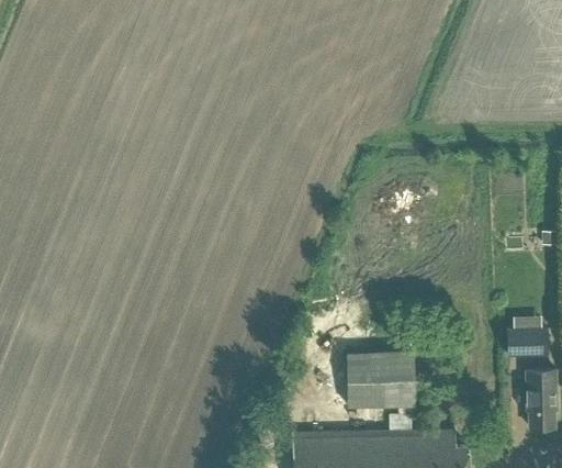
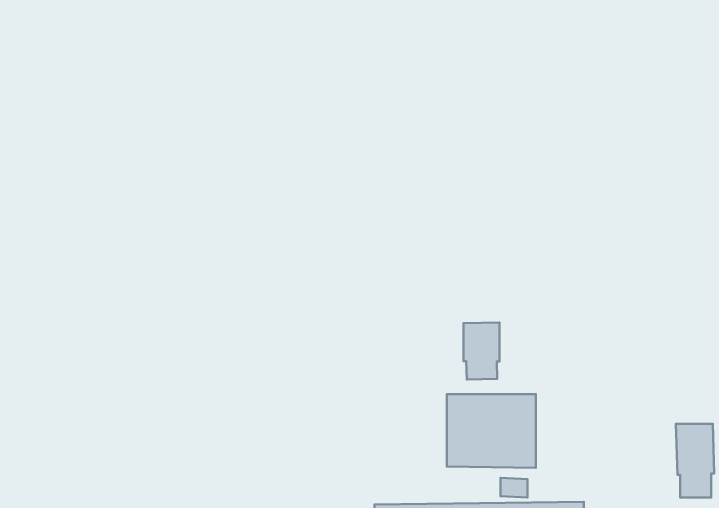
building: none -> [463,322,499,379]
building: [506,330,548,358] -> none

